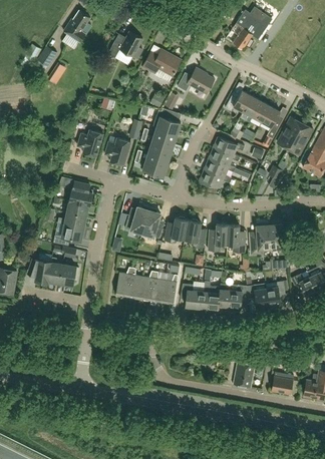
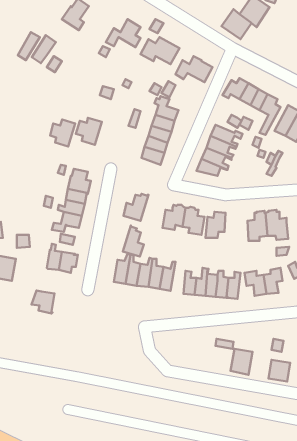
building: [105,138,130,165] -> [50,120,75,147]
building: [142,207,164,239] -> [123,226,144,257]
building: [227,225,246,253] -> none
building: [28,260,51,283] -> [31,290,54,313]

